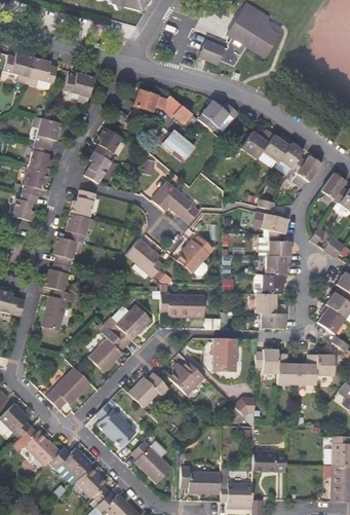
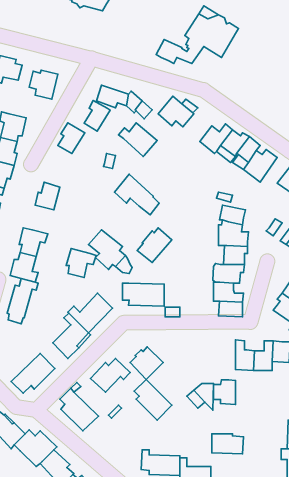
building: [85,151,112,183] -> [84,100,110,131]
building: [66,213,96,243] -> [66,249,96,277]
building: [212,337,236,371] -> none
building: [256,348,278,374] -> [214,380,235,404]
building: [132,441,171,483] -> [134,379,172,420]

